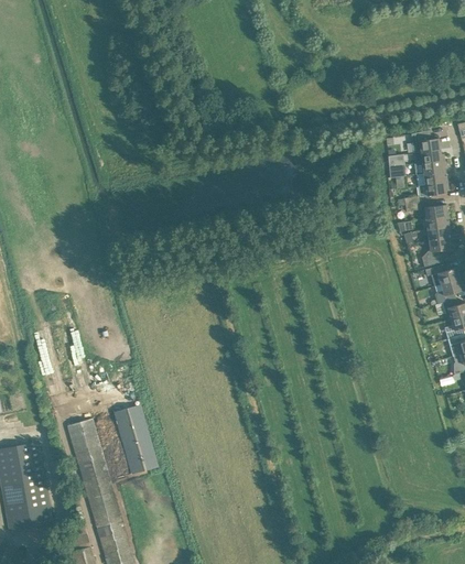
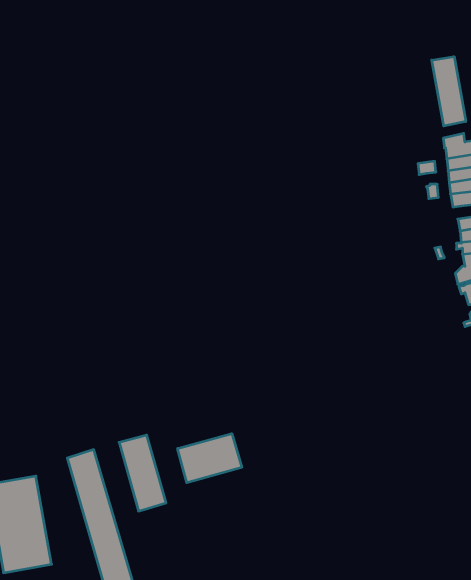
building: none -> [432,57,466,126]
building: none -> [178,434,242,483]

